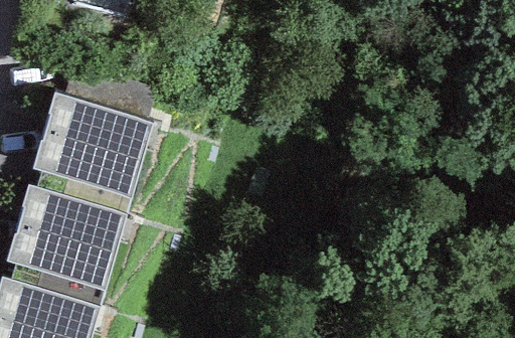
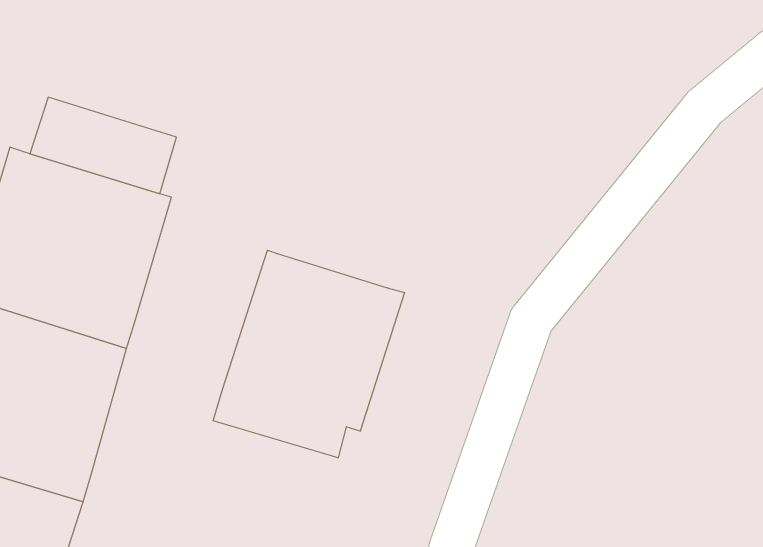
building: none -> [213,250,404,458]

